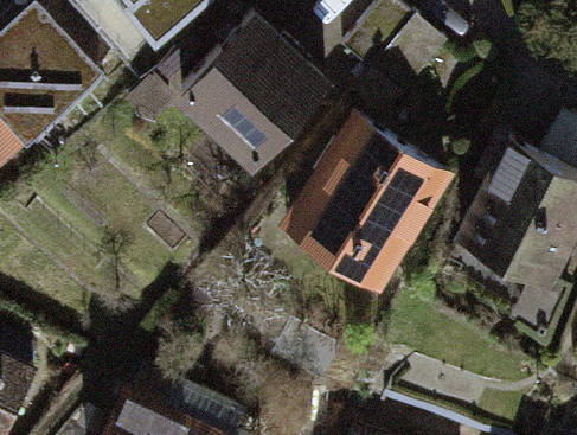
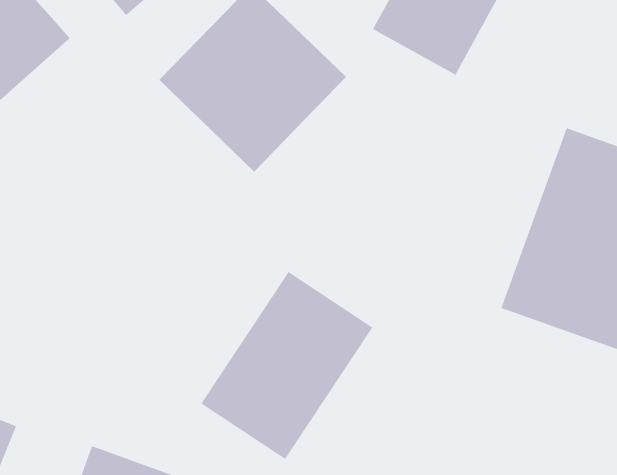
building: [296,122,459,290] -> none
building: none -> [201,271,373,460]

